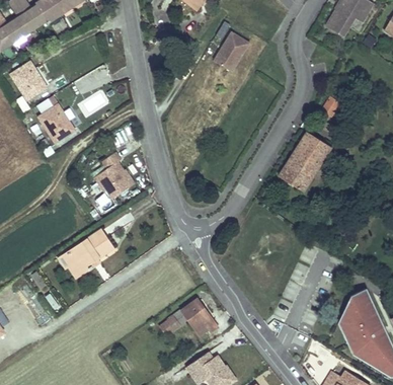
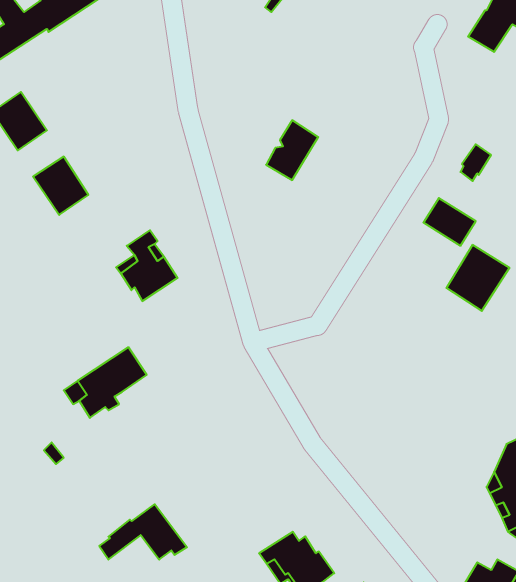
building: [214,31,248,71] -> [266,120,318,180]
building: [279,148,320,191] -> [446,245,510,311]
building: [161,299,219,335] -> [99,504,187,560]

